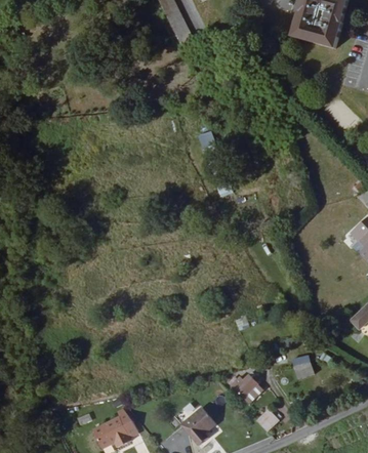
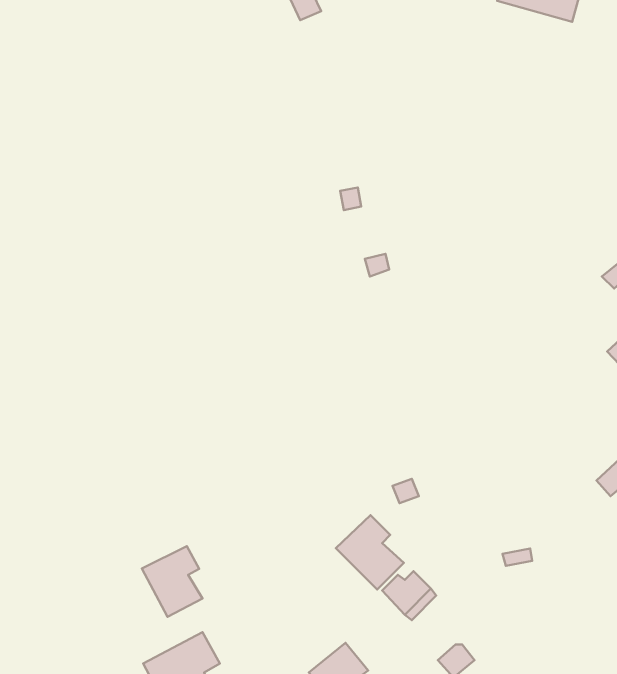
building: none -> [336,515,404,590]
building: none -> [142,546,202,617]

